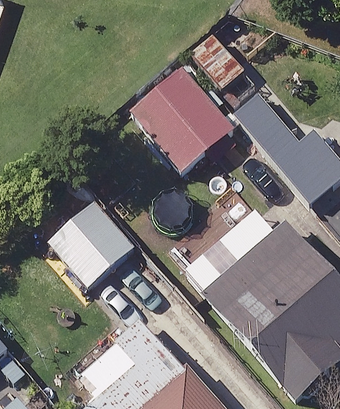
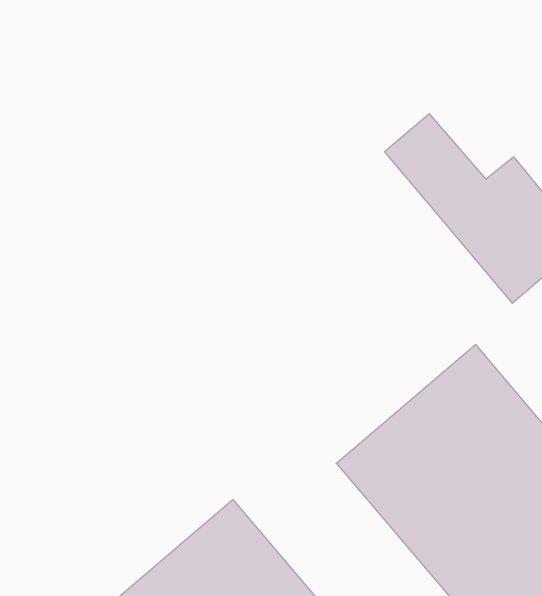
building: [129,68,232,173] -> none
building: [46,200,134,289] -> none

